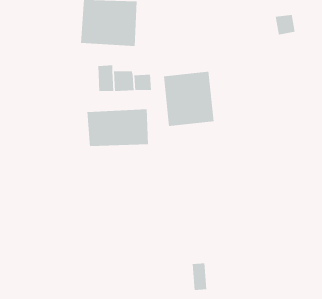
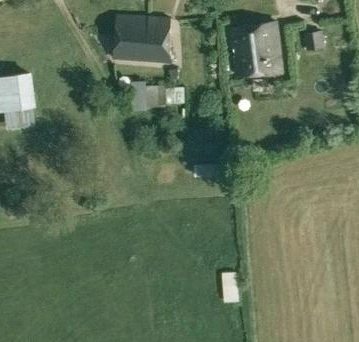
building: [163,71,214,127] -> [231,23,281,77]
building: [87,109,148,147] -> none

